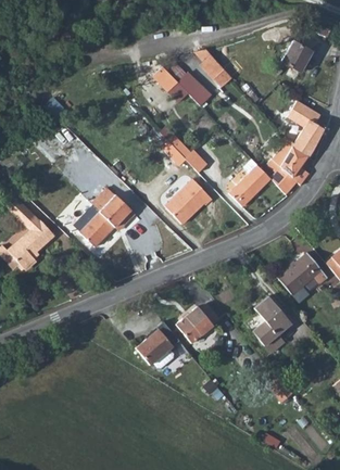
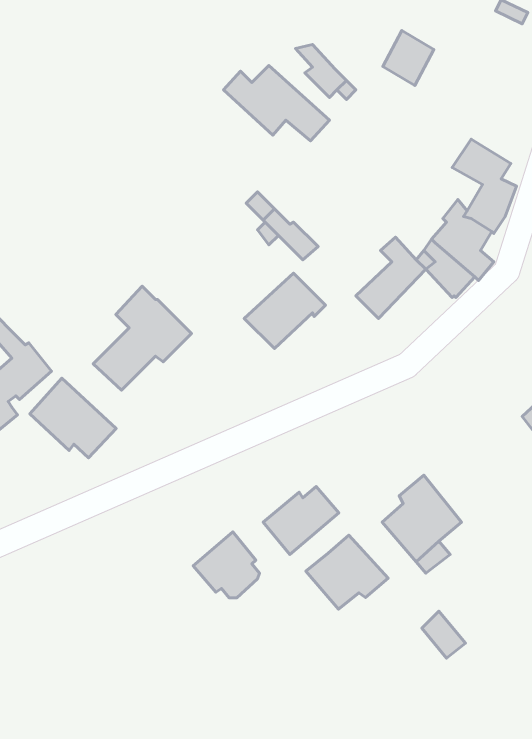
building: [281,41,311,73] -> [383,31,434,85]
building: none -> [30,378,116,458]
building: [278,254,326,302] -> none
building: none -> [306,535,388,609]

